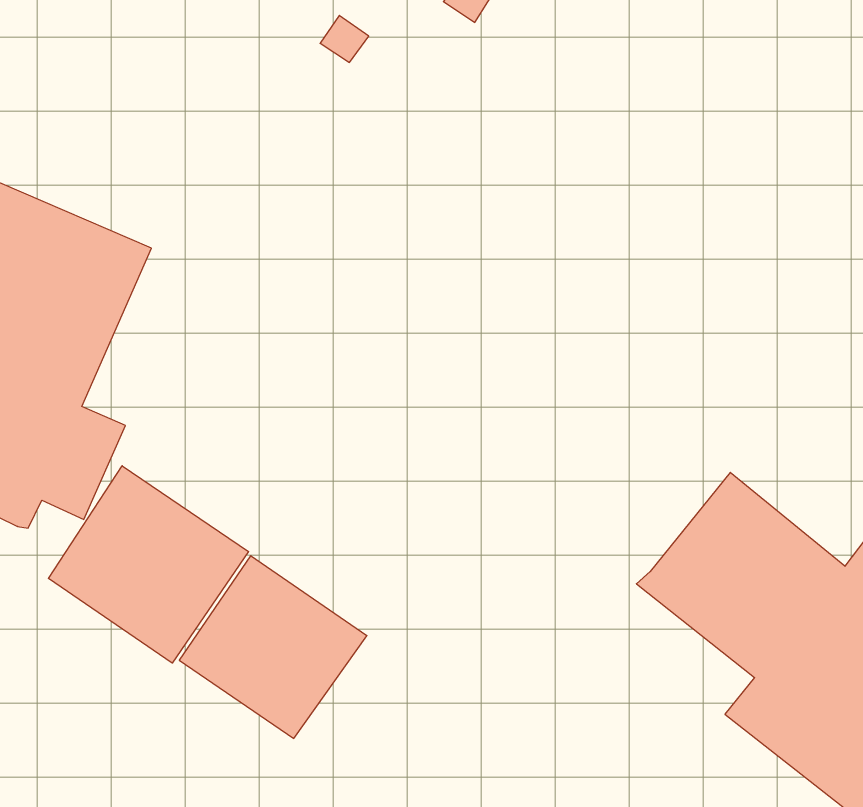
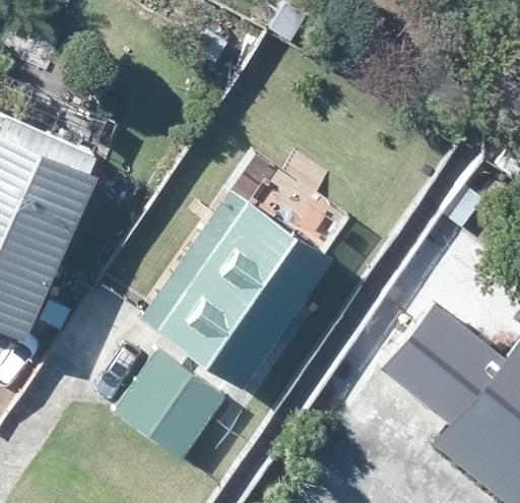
building: none -> [159,200,334,387]
building: [48,466,249,663] -> none

